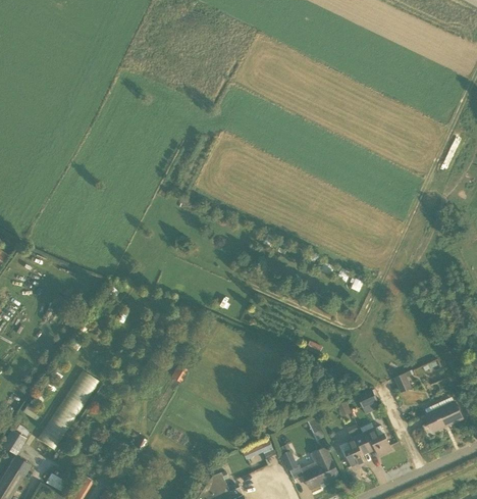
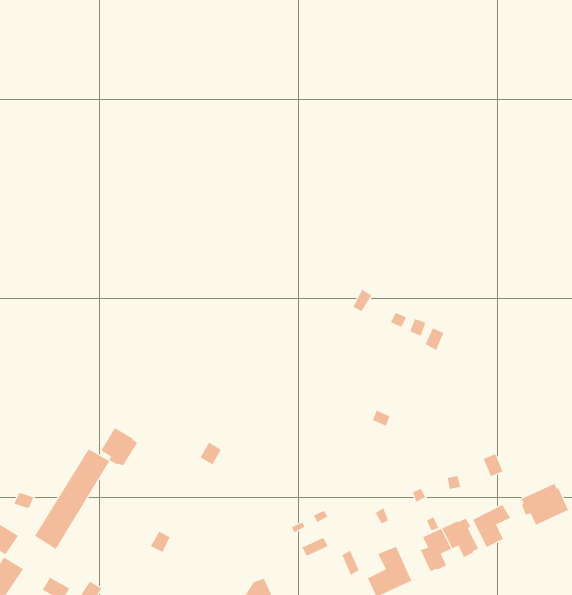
building: none -> [100,427,138,466]
building: none -> [472,504,511,548]

